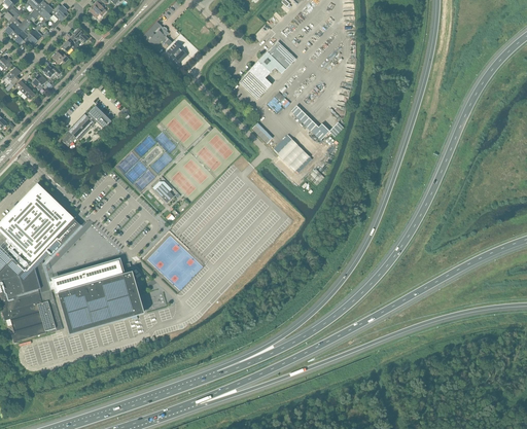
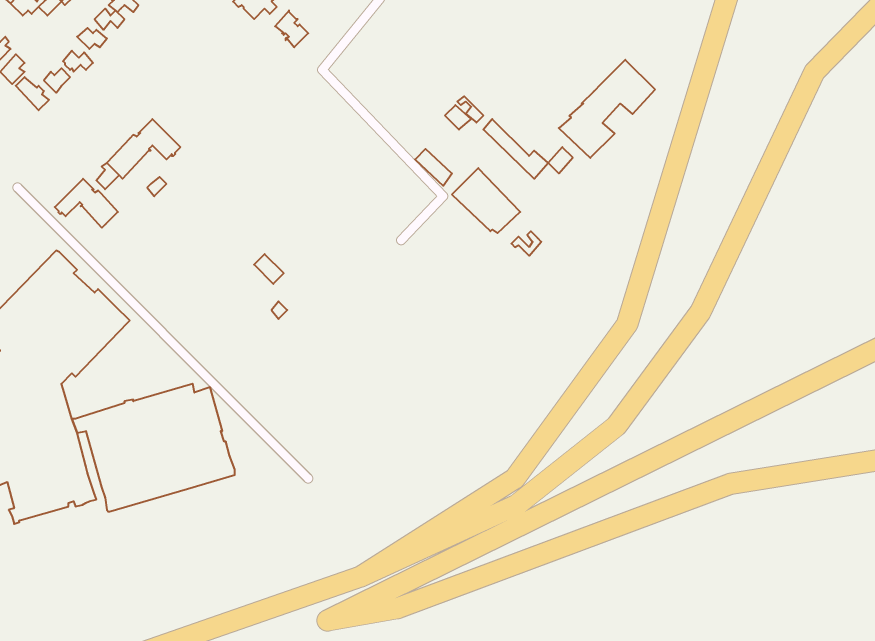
building: [238,40,294,98] -> [559,60,655,158]
building: none -> [55,179,118,228]

